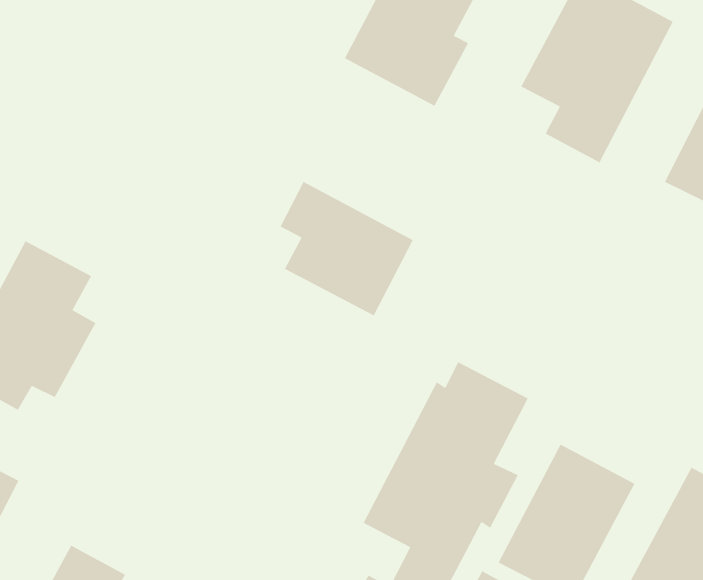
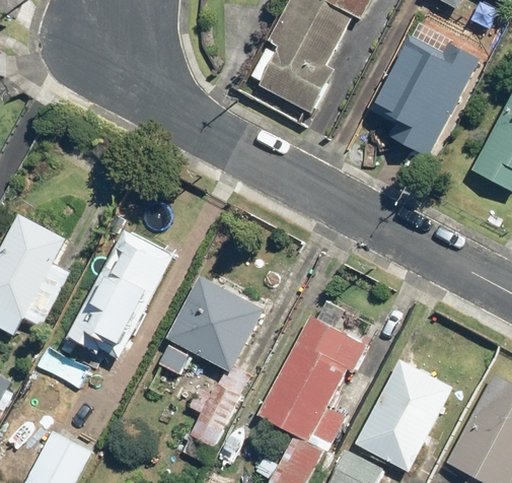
building: [279,181,414,316] -> none
building: none -> [52,228,173,360]
building: none -> [153,273,266,442]

